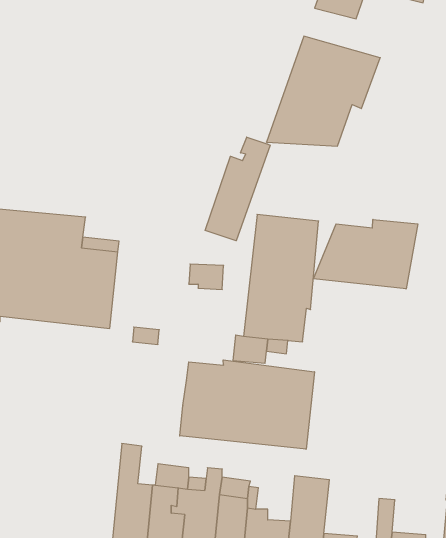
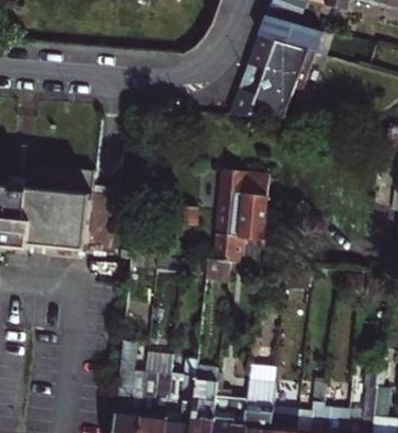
building: none -> [258,16,322,53]
building: [205,137,270,241] -> none
building: [313,219,418,289] -> none
building: [180,360,314,449] -> none

